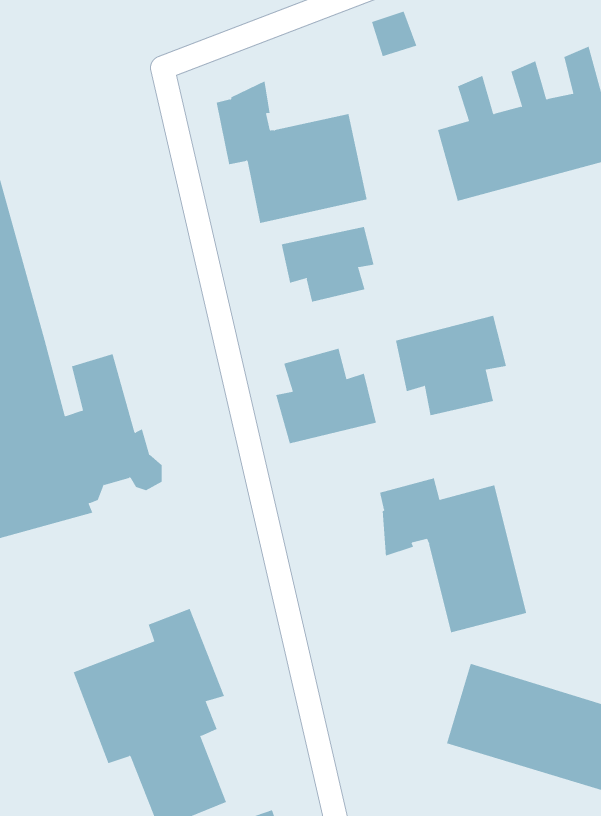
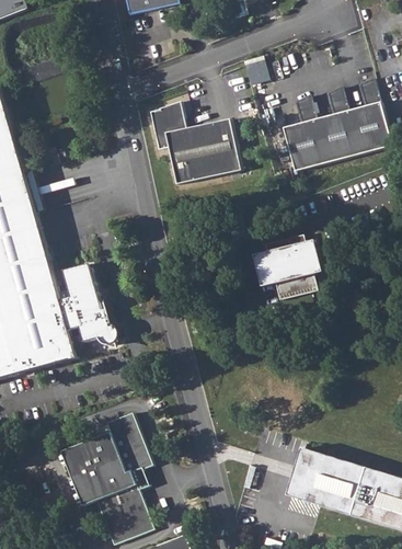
building: [281,226,374,302] -> none
building: [276,348,377,444] -> none
building: [380,478,527,633] -> none

